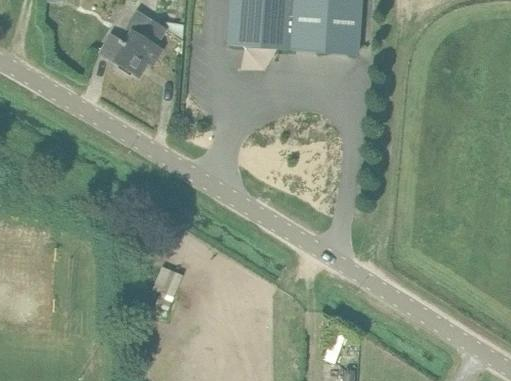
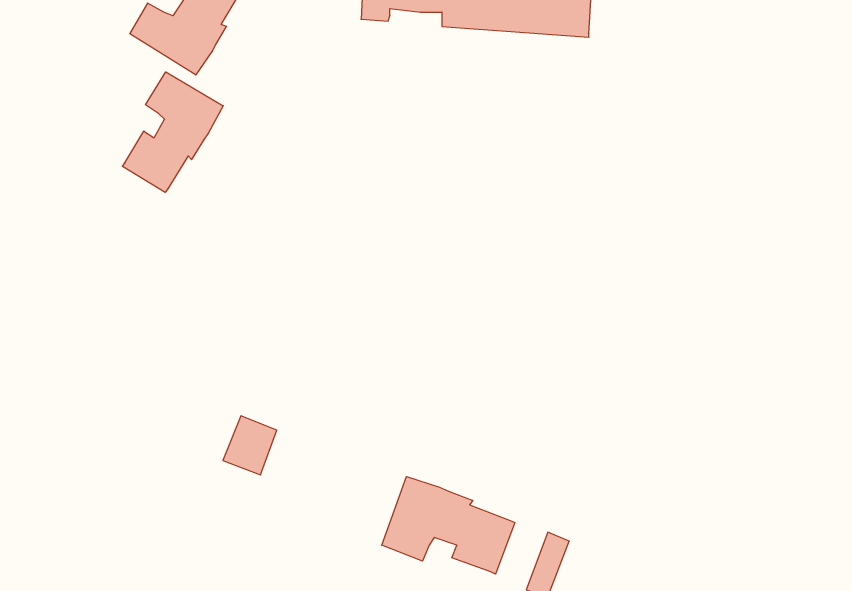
building: none -> [122,72,223,192]
building: none -> [382,477,515,574]

